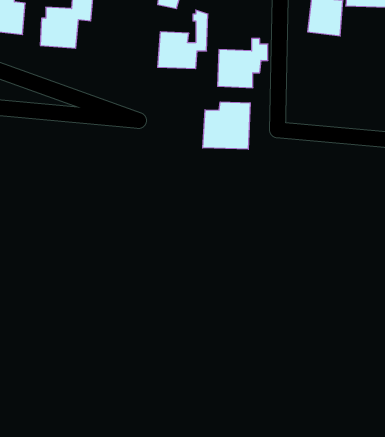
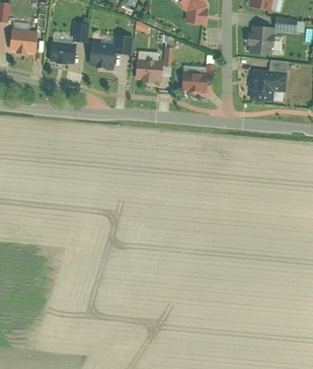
building: none -> [90,34,133,68]
building: none -> [253,71,288,100]
building: [203,102,250,149] -> none

